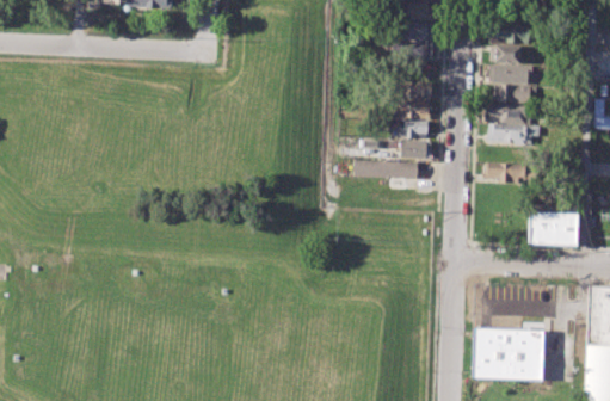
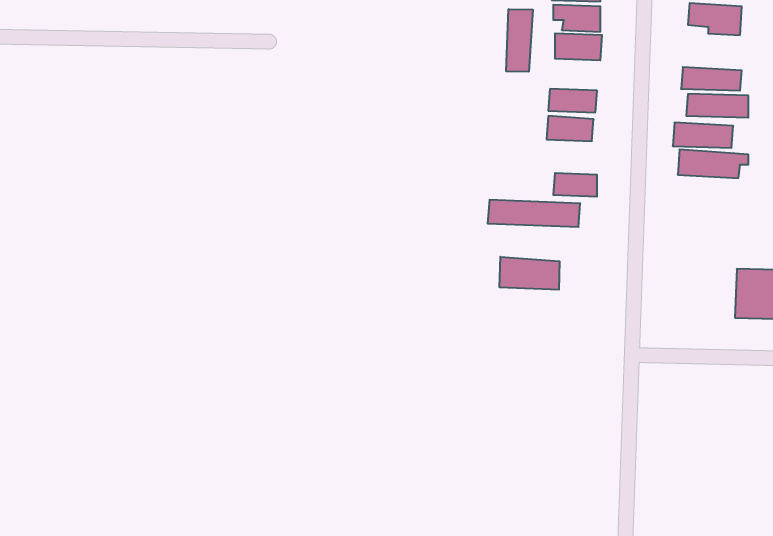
building: none -> [506,9,533,72]
building: [491,45,522,63] -> none
building: [393,121,429,138] -> none
building: [485,162,523,183] -> none
building: none -> [500,257,560,290]
building: [472,328,546,381] -> none

